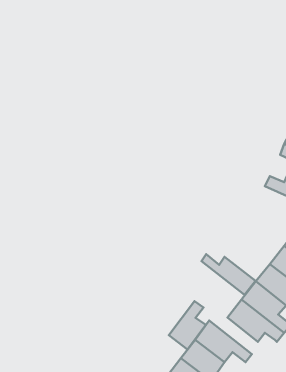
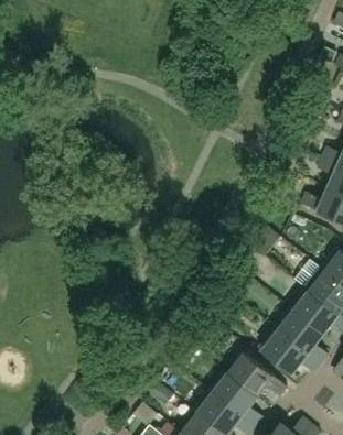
building: [202,254,255,295] -> none
building: [169,301,206,350] -> none

